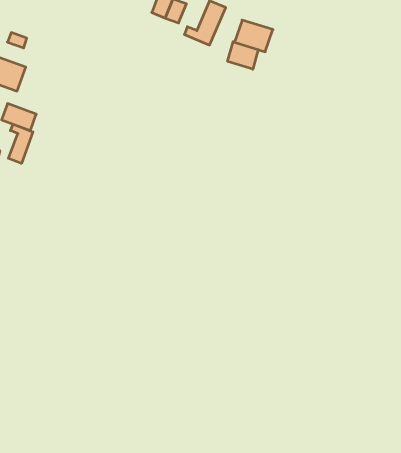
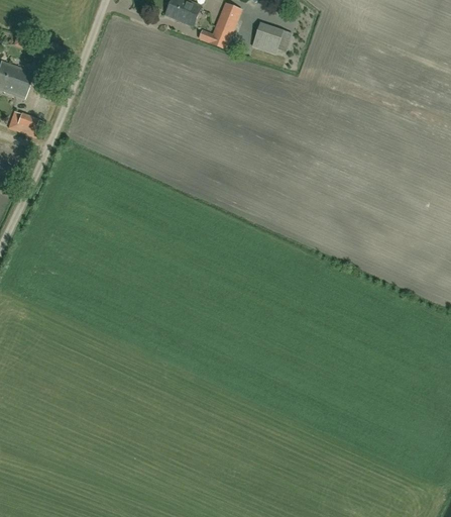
building: [228,42,258,69] -> none
building: [8,124,33,163] -> none

